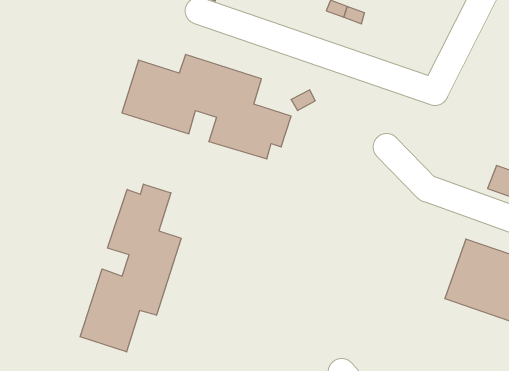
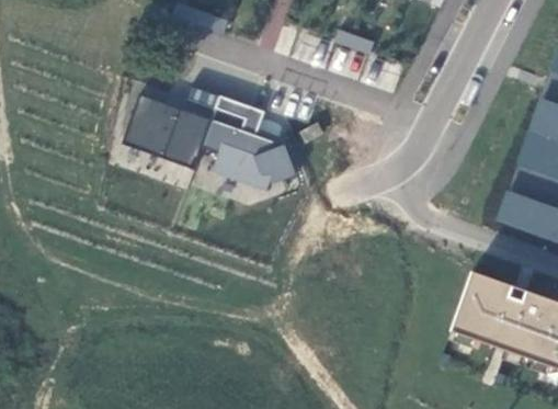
building: [80,184,181,352] -> none

